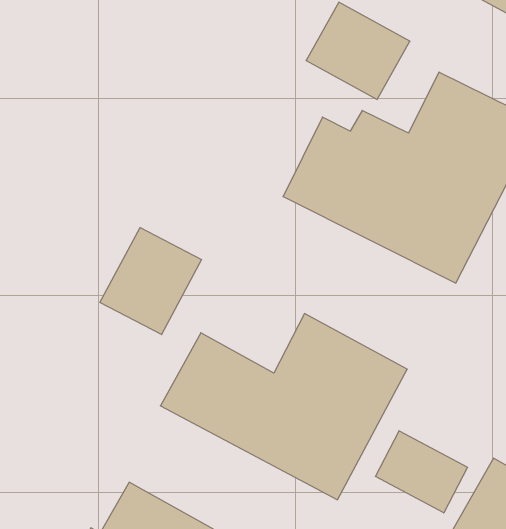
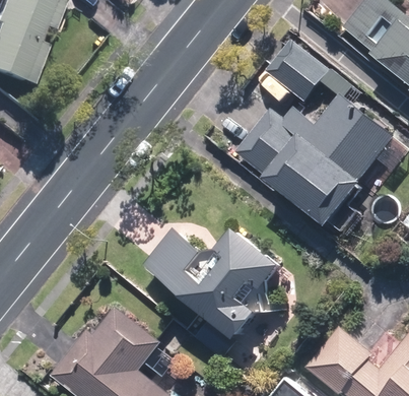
building: [100,228,202,335] -> none
building: [375,431,467,513] -> none

